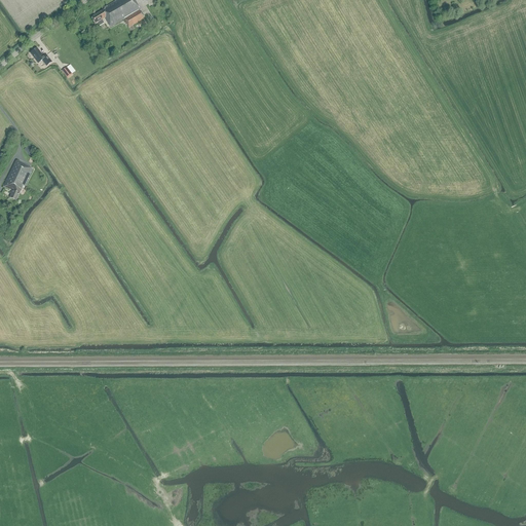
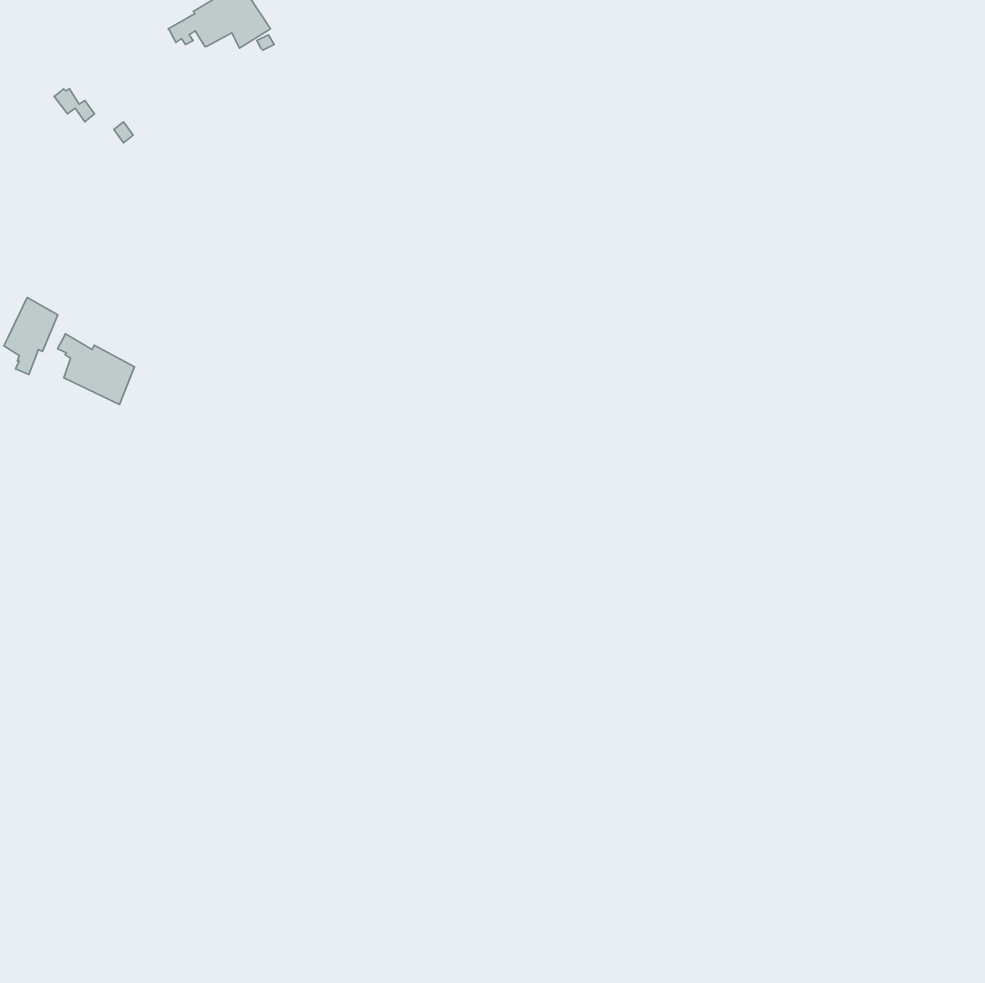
building: none -> [57,334,135,405]

